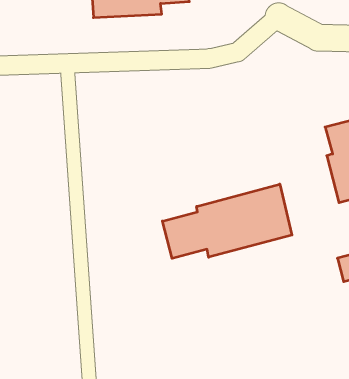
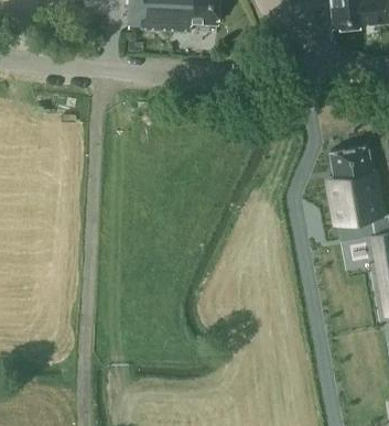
building: [162,184,292,258] -> none

